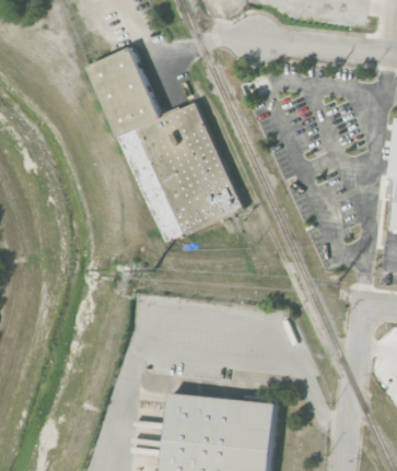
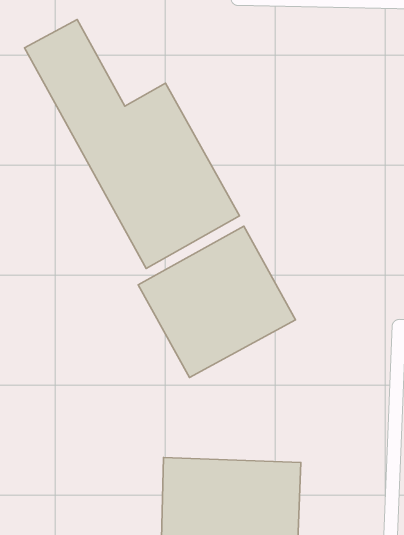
building: none -> [138,226,296,377]

